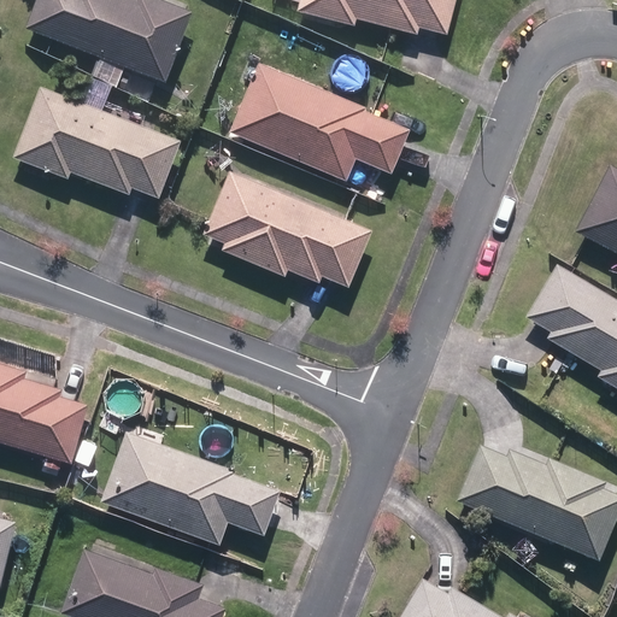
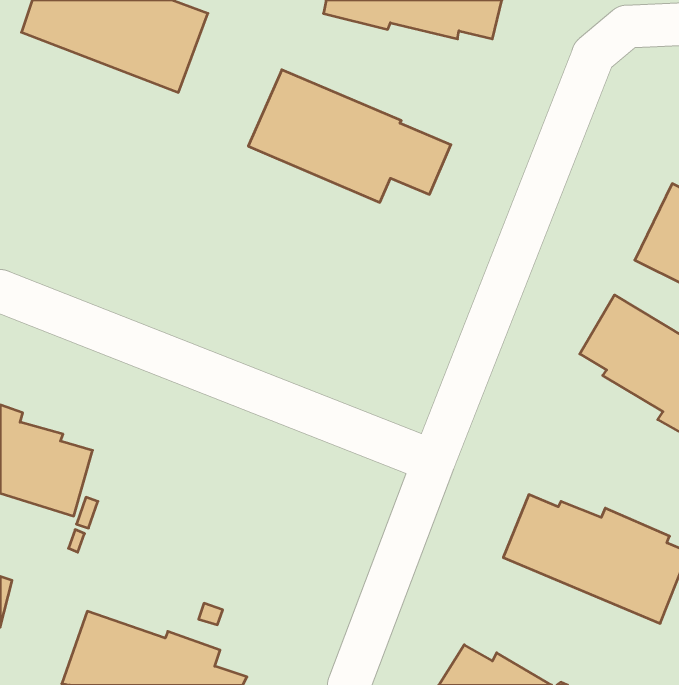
building: [12,87,181,199] -> none
building: [202,171,371,287] -> none
building: [101,431,281,546] -> none

